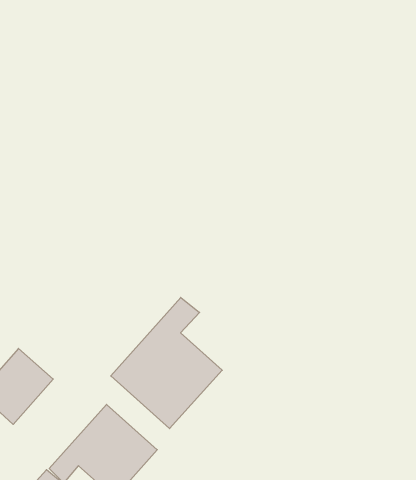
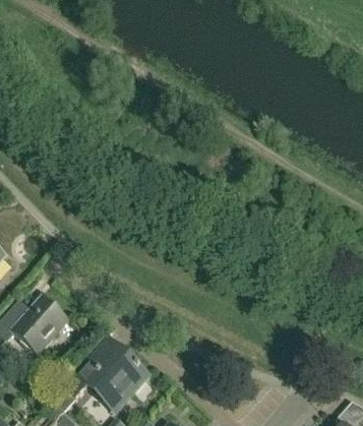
building: [111,297,222,429] -> none

